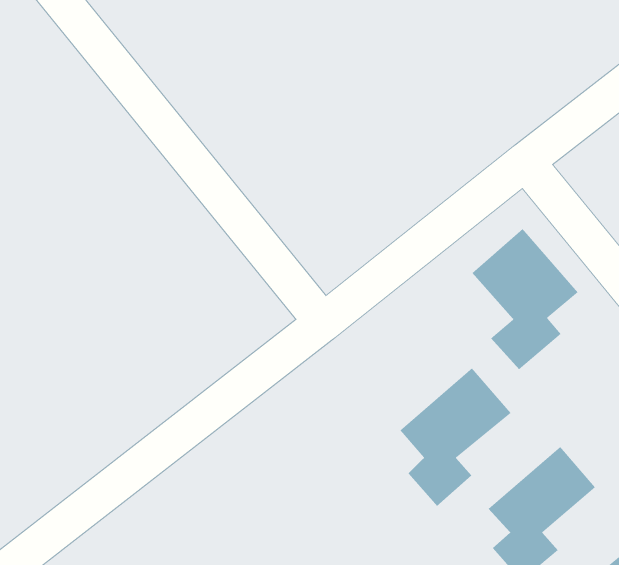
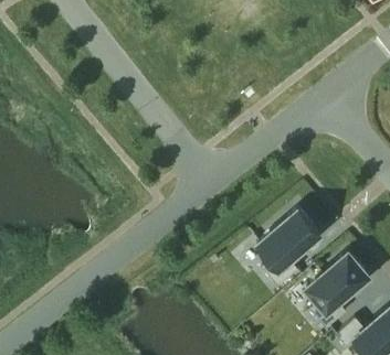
building: [472,228,579,370] -> none

